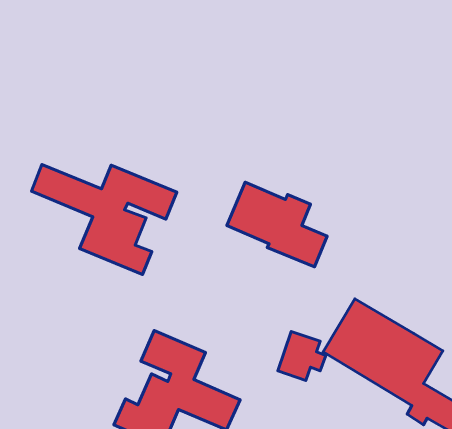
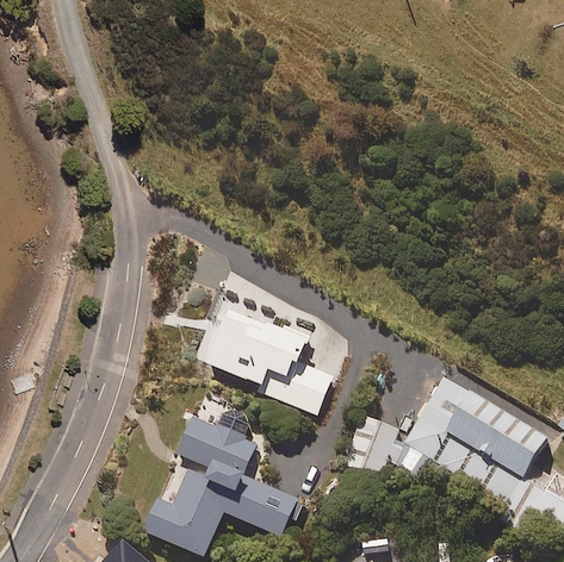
building: [31,165,177,275] -> none
building: [227,182,327,267] -> [212,314,336,419]

